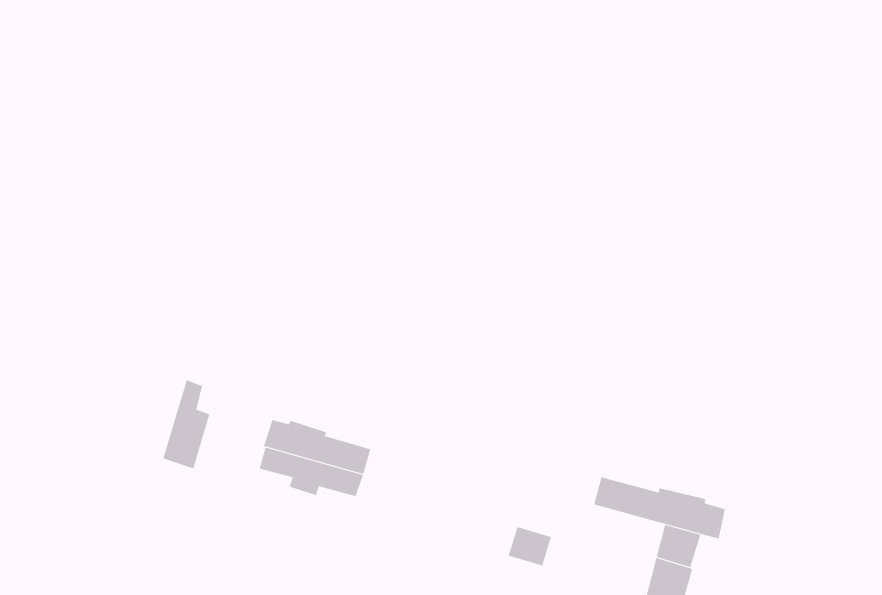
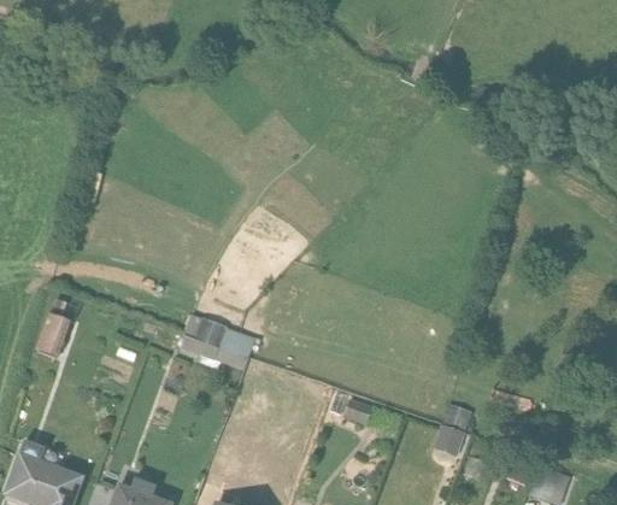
building: [162,380,210,469] -> [36,298,70,358]
building: [594,476,726,540] -> none

